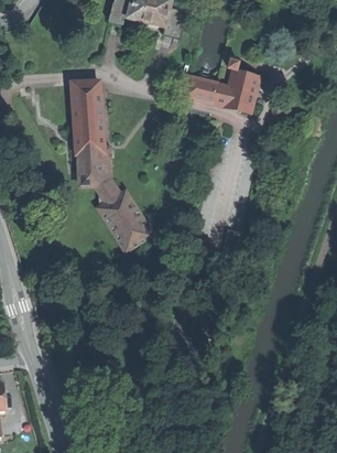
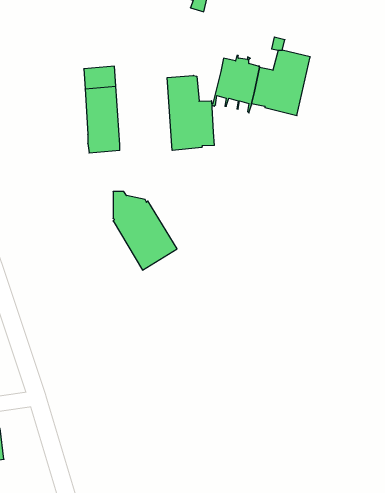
building: none -> [167,75,214,150]
building: [77,147,111,186] -> none

